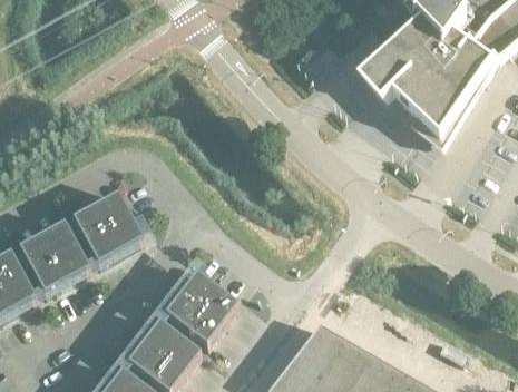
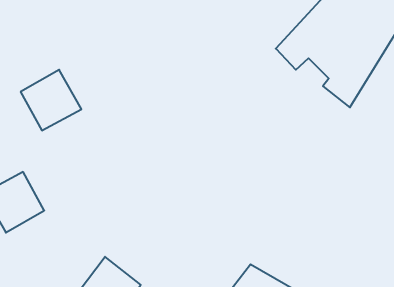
building: [71,192,141,262] -> [21,70,81,130]
building: [164,272,236,344] -> none

